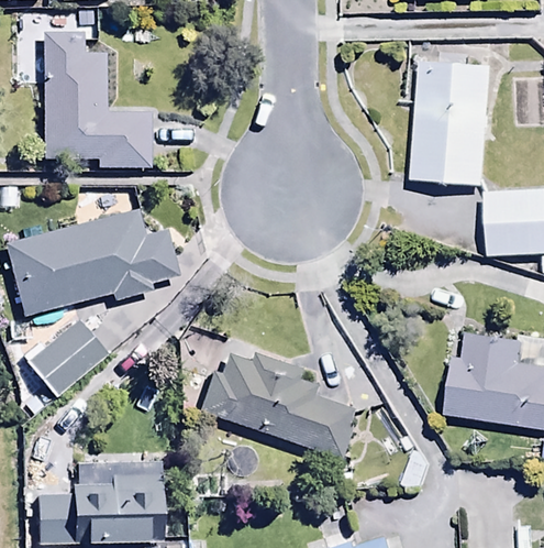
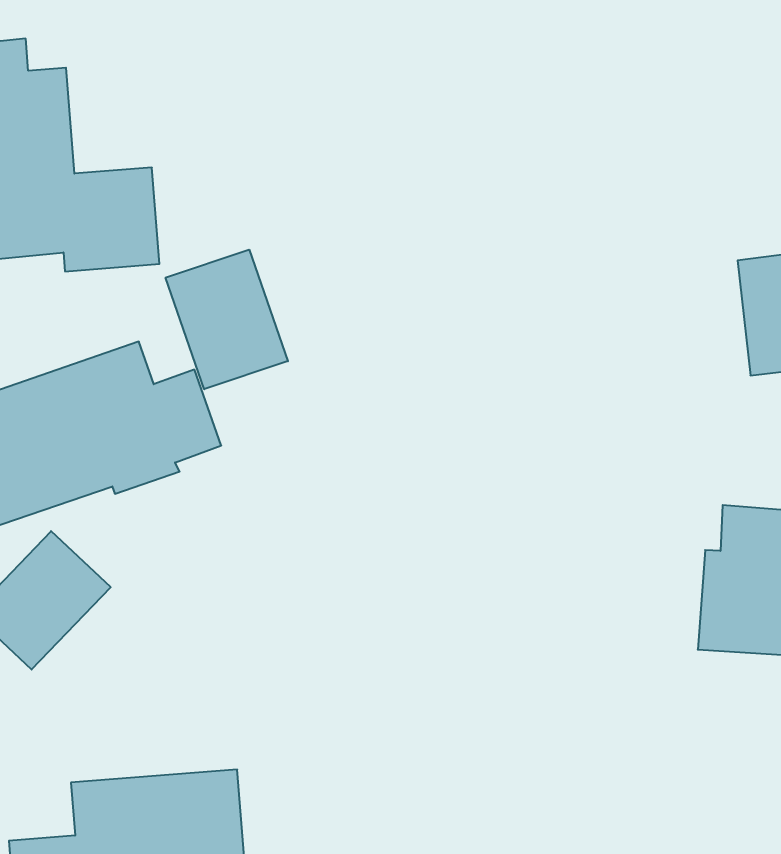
building: [413,62,490,183] -> none
building: none -> [166,250,288,389]
building: [198,352,359,459] -> none

